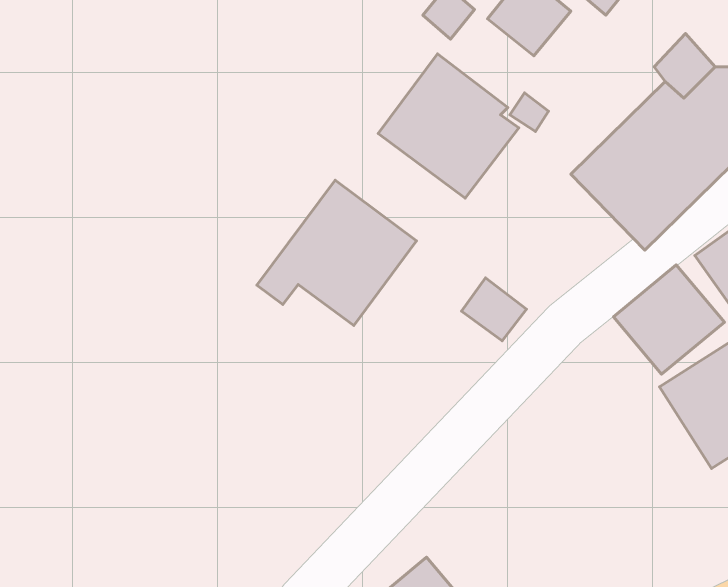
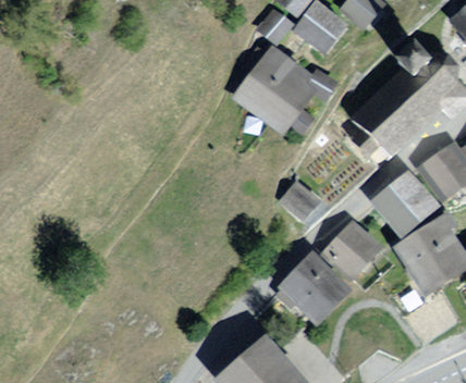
building: [257,180,417,326] -> none
building: none -> [326,219,382,274]
building: none -> [277,252,354,331]

